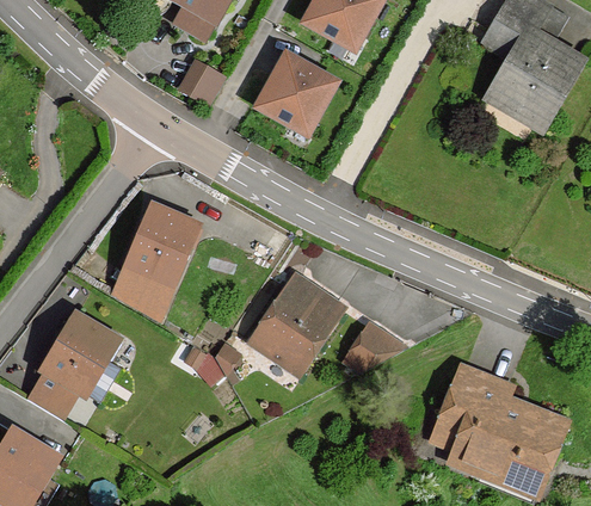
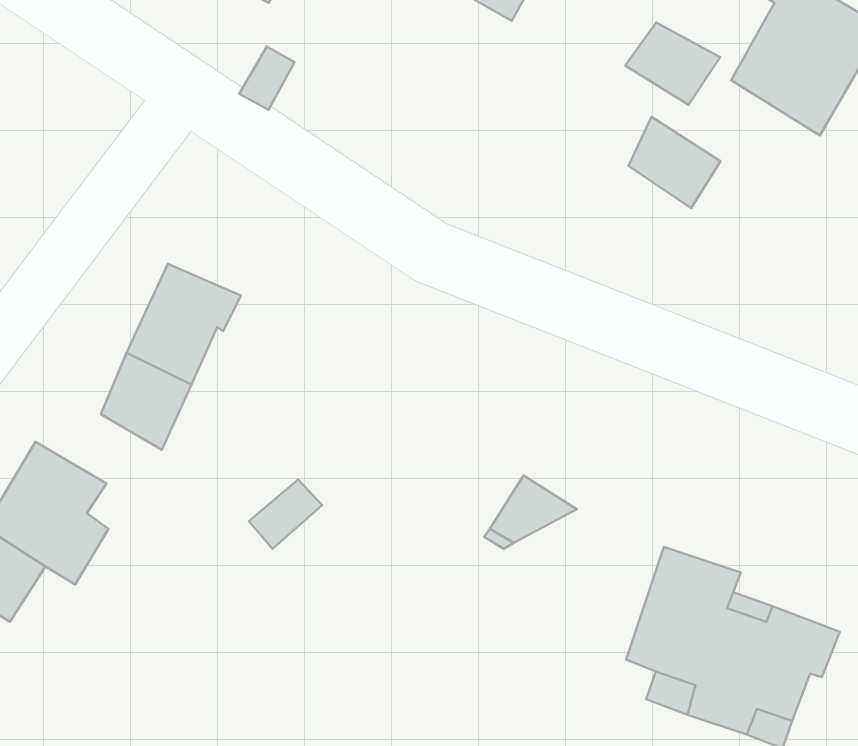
building: none -> [625,22,720,105]
building: [269,61,340,137] -> none
building: none -> [628,117,720,208]
building: [250,278,339,371] -> none

